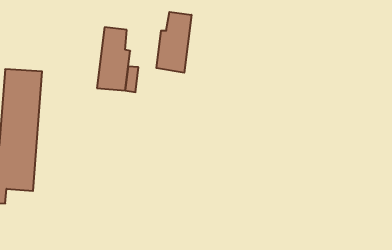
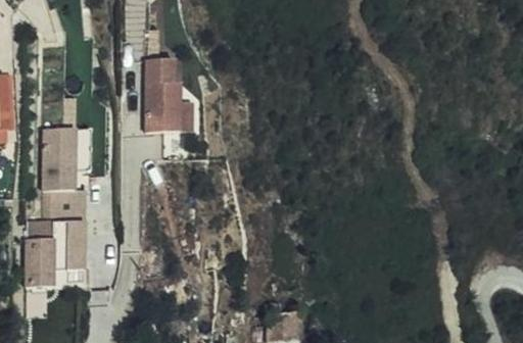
building: [156,12,191,73] -> none

